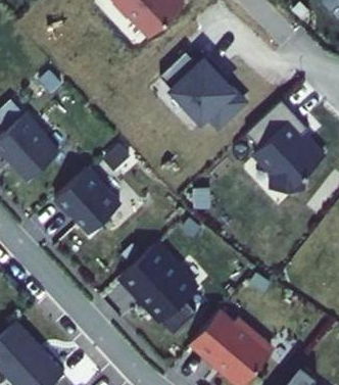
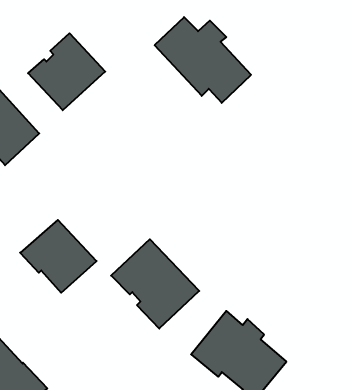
building: none -> [28,33,105,110]
building: [244,99,323,190] -> none
building: [53,170,119,233] -> [20,220,97,293]

